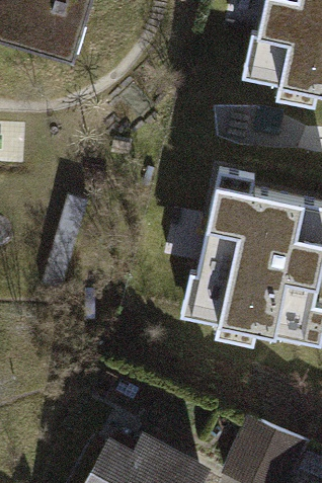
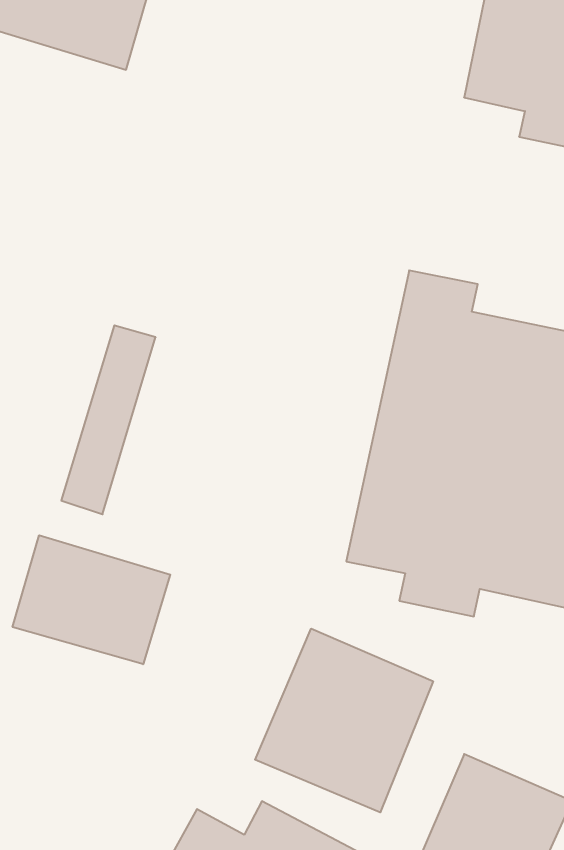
building: none -> [13,535,170,664]
building: none -> [255,629,433,812]

